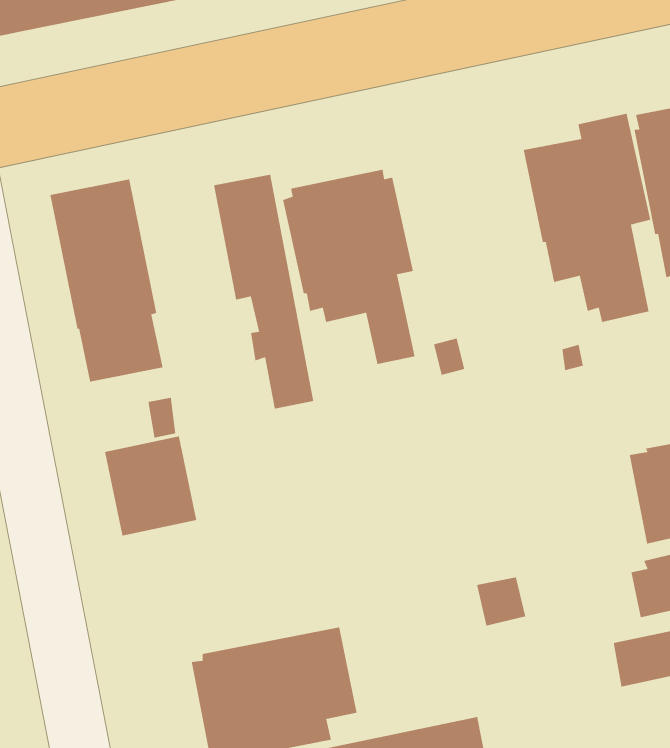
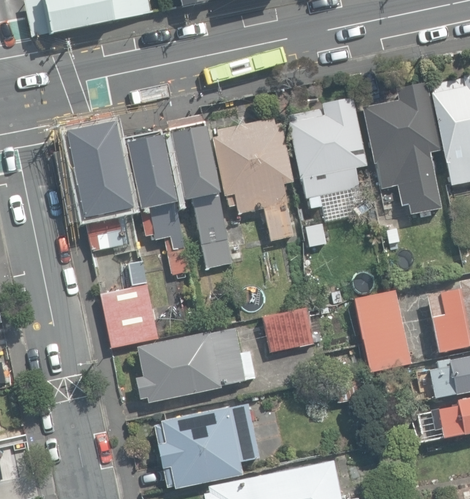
building: none -> [288,98,367,209]
building: none -> [124,128,189,275]
building: none -> [354,290,409,372]
building: none -> [263,308,314,353]
building: none -> [135,328,254,403]

